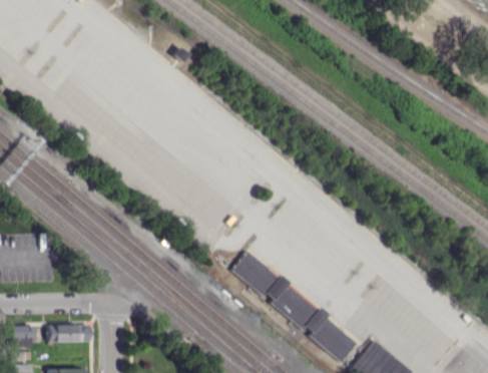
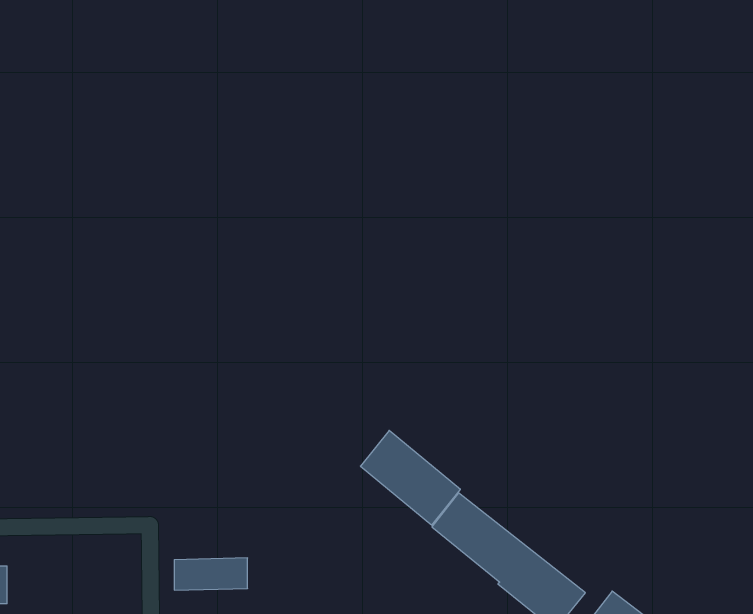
building: [49,325,90,343] -> [174,558,248,590]

